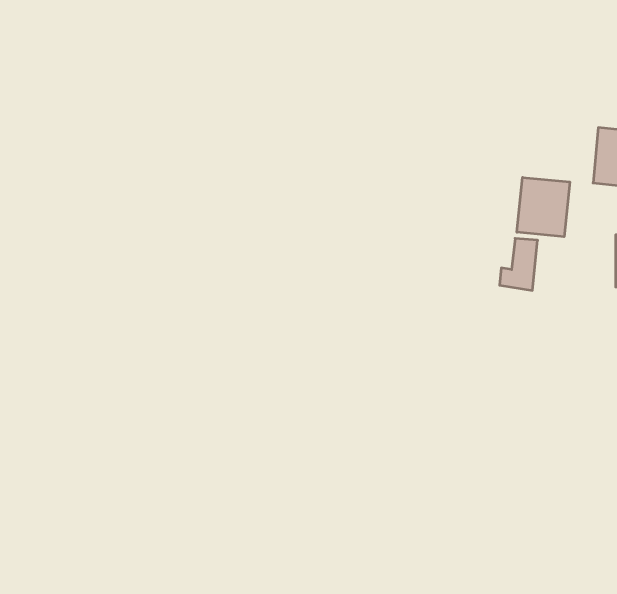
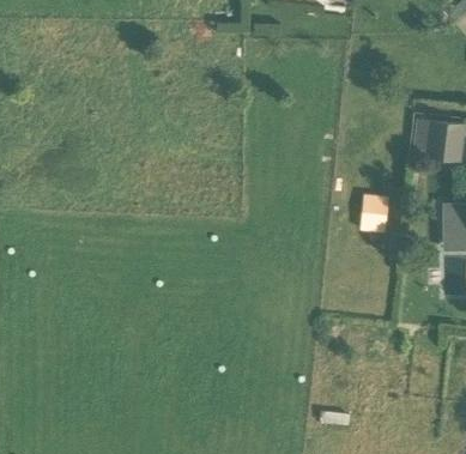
building: [517,177,570,237] -> none

